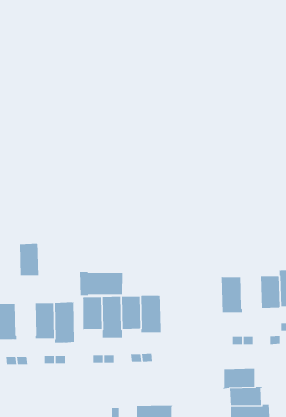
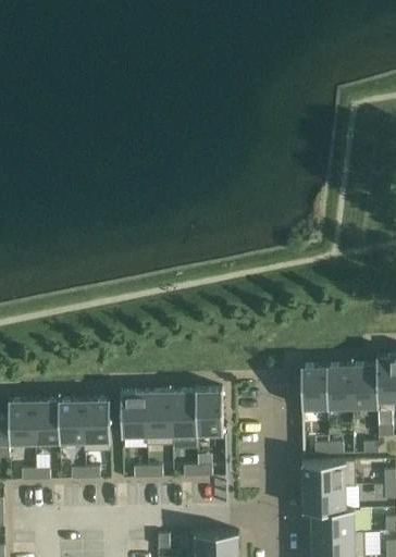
building: [19,242,39,276] -> [34,399,60,443]
building: [79,271,123,296] -> none
building: none -> [326,364,352,408]
building: none -> [301,461,356,487]

